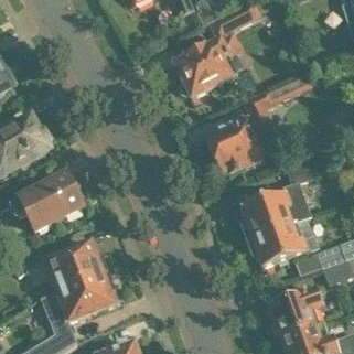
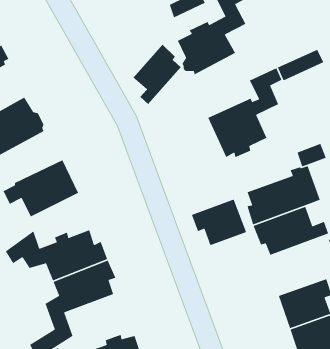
building: none -> [132,44,182,105]
building: none -> [191,198,247,246]

